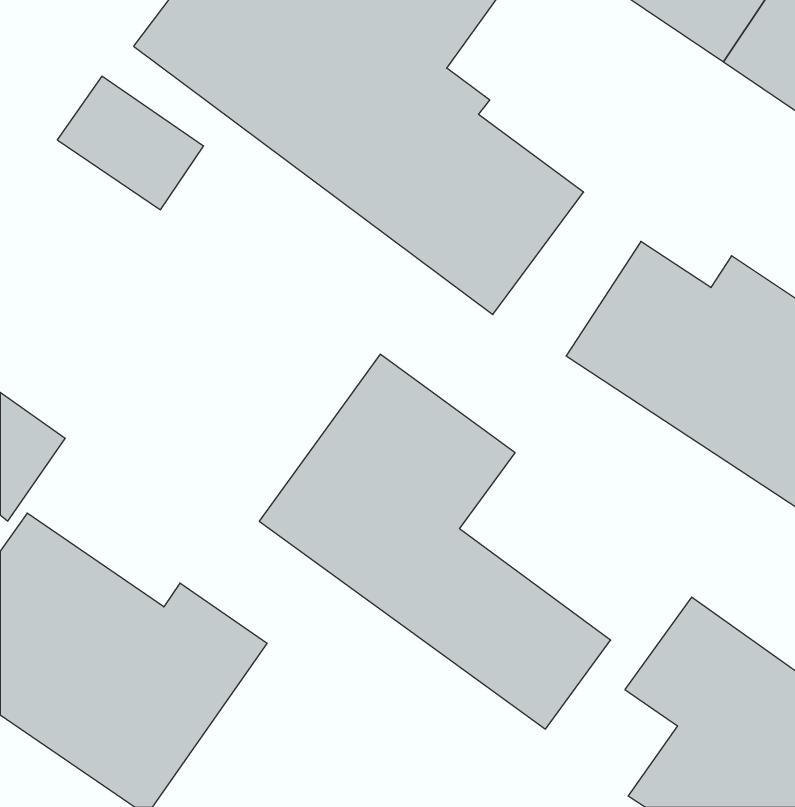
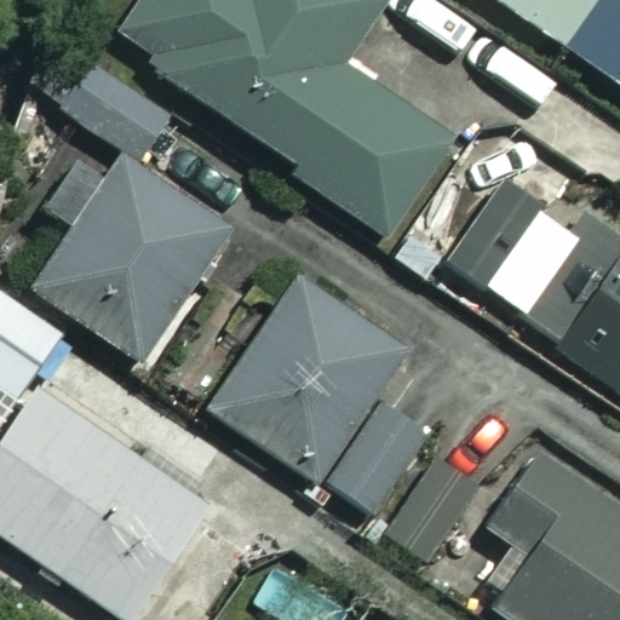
building: none -> [30,142,230,364]

